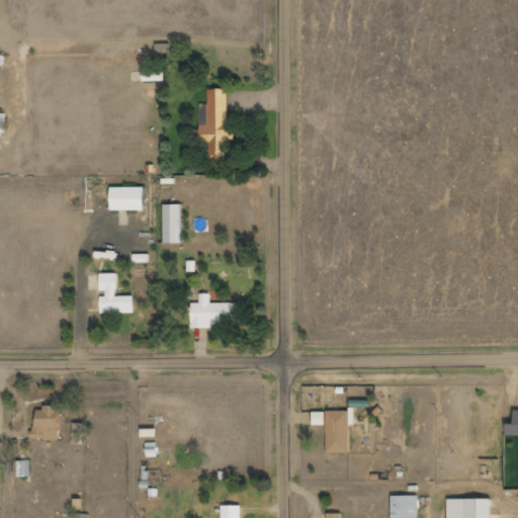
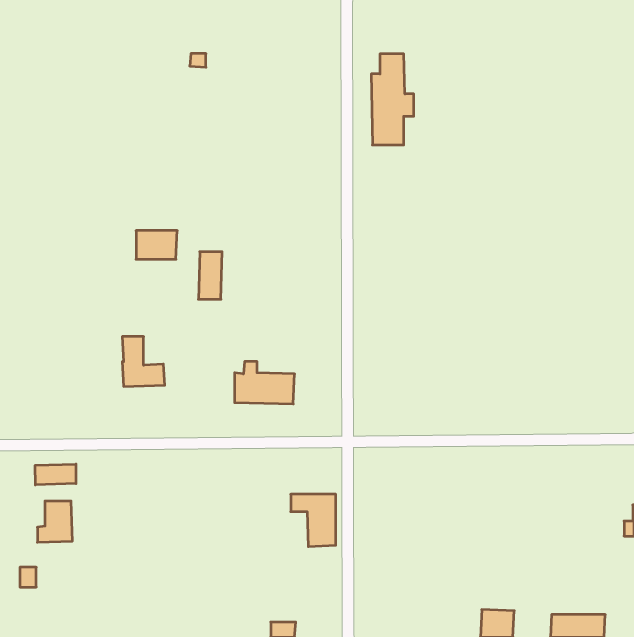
building: [199,89,234,163] -> [371,54,414,145]
building: none -> [35,464,76,485]
building: [312,411,348,453] -> [291,494,336,547]

